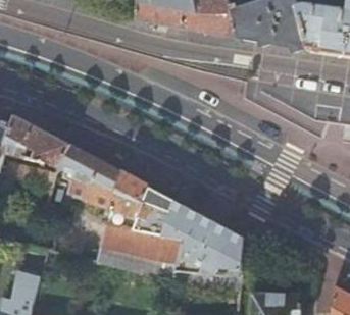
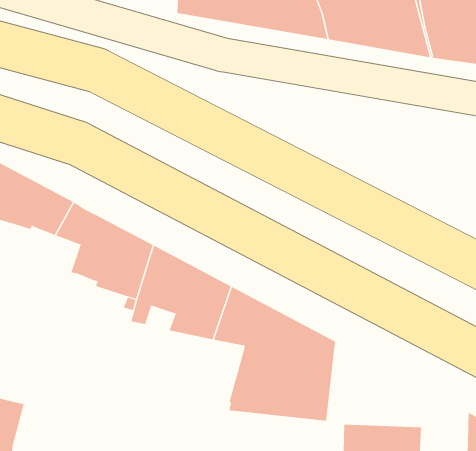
building: [95,222,183,276] -> none

